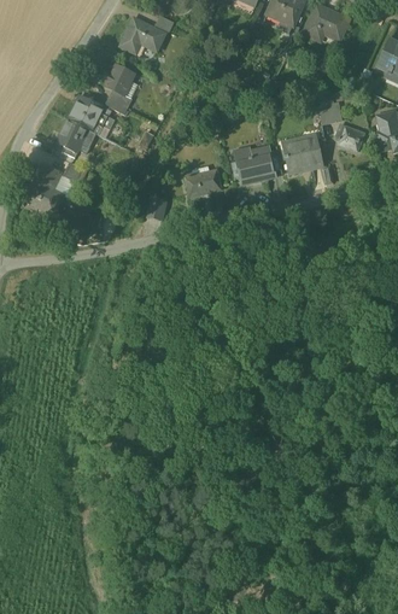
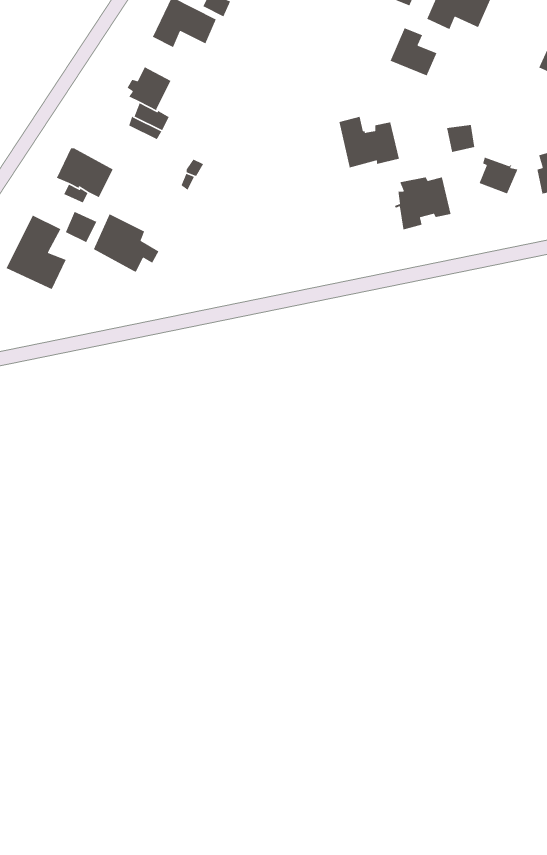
building: none -> [389,27,437,77]
building: [69,94,113,134] -> [93,213,160,273]
building: [234,147,275,182] -> [338,116,400,168]
building: [186,165,221,195] -> none

